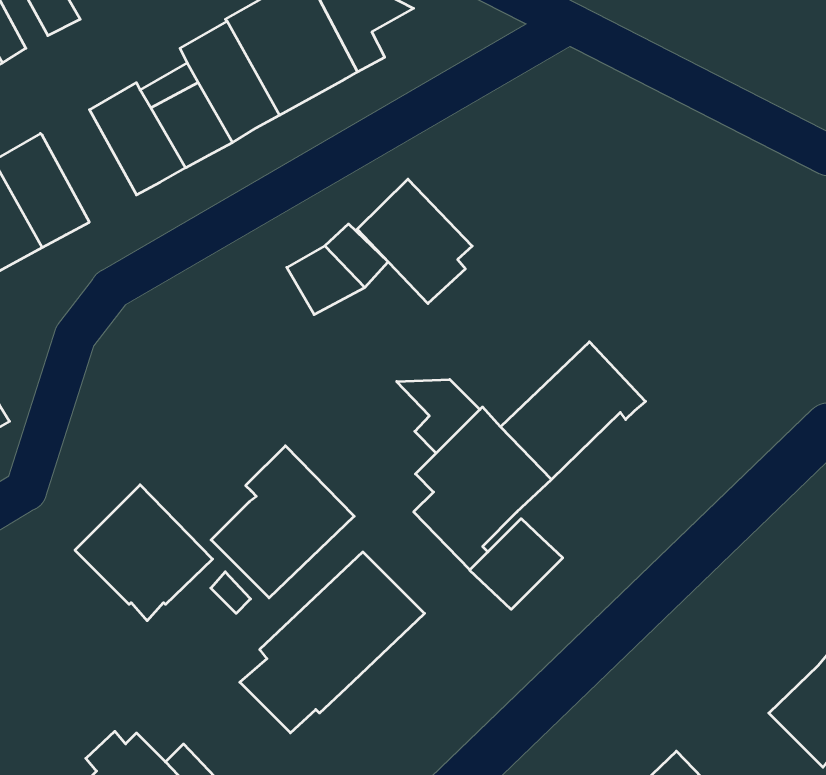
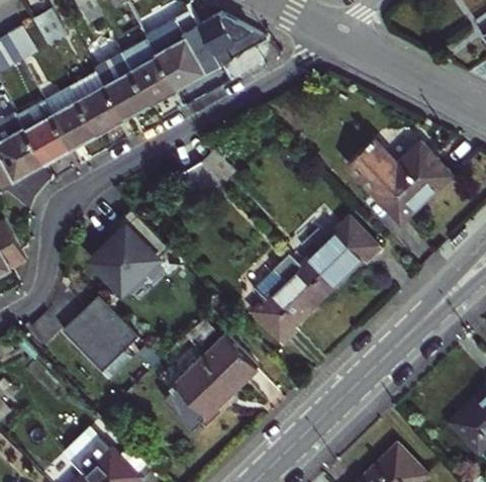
building: none -> [45,86,98,149]
building: [357,179,472,304] -> none
building: none -> [347,138,450,220]
building: [397,379,480,453] -> none
building: [211,446,354,598] -> [92,208,172,293]
building: [470,519,563,609] -> none

